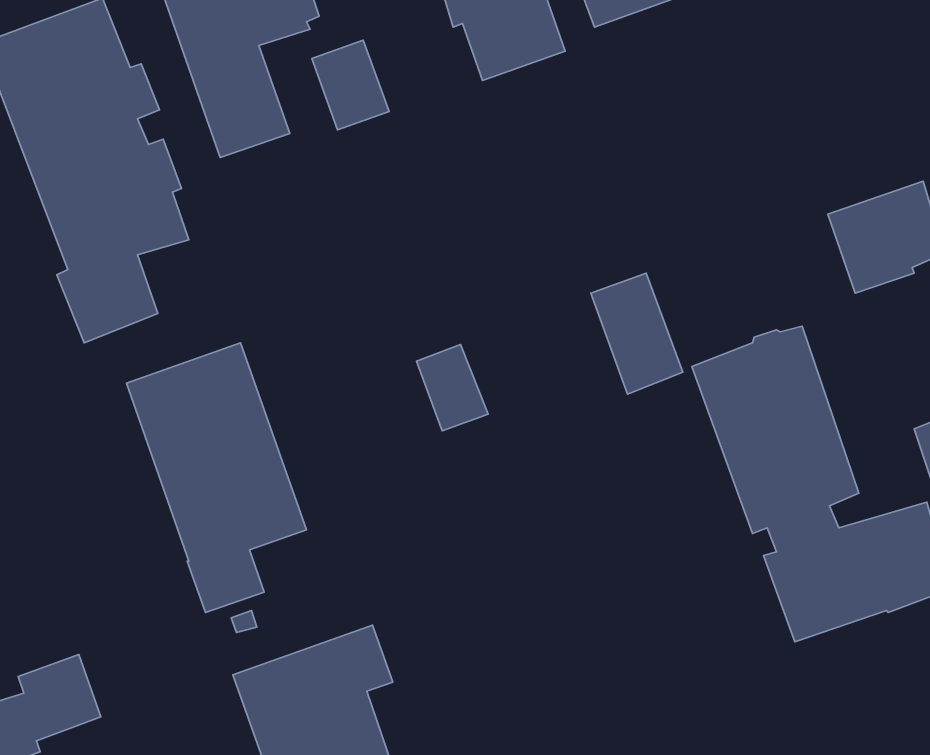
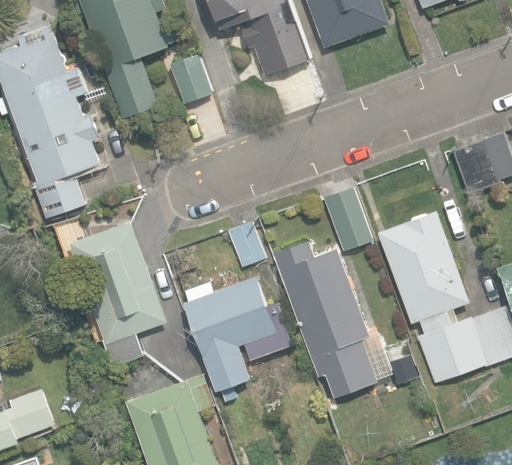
building: none -> [273,241,376,399]
building: none -> [184,276,294,391]

